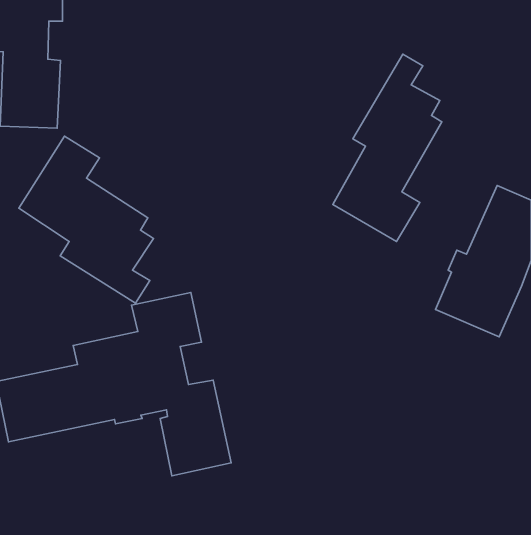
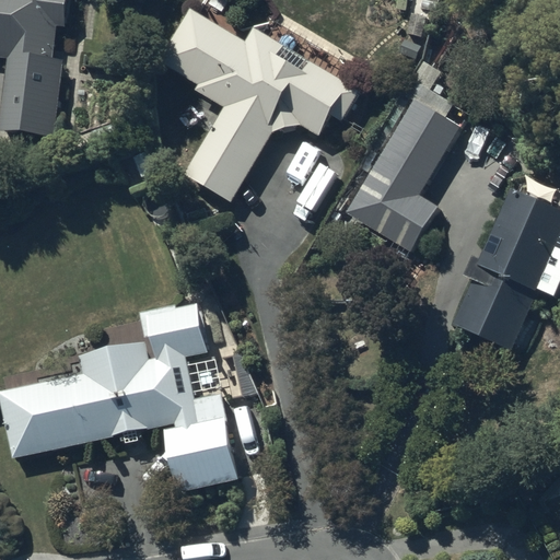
building: none -> [159,9,354,205]
building: [19,136,153,303] -> none

